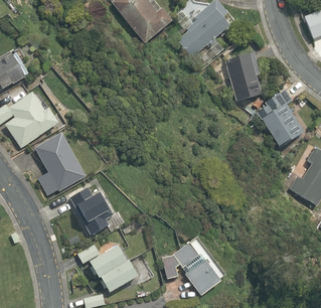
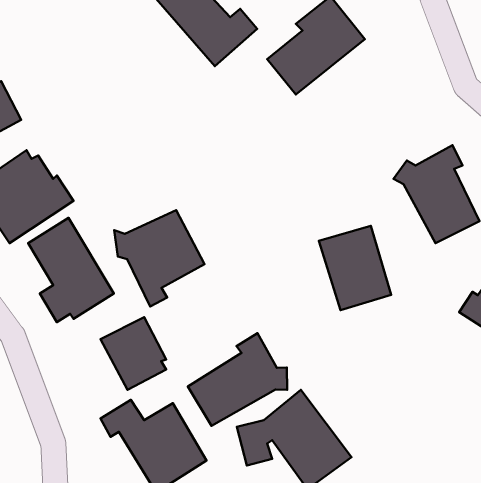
building: [220,53,264,104] -> [319,226,391,310]
building: none -> [114,210,204,306]
building: none -> [188,333,287,426]

